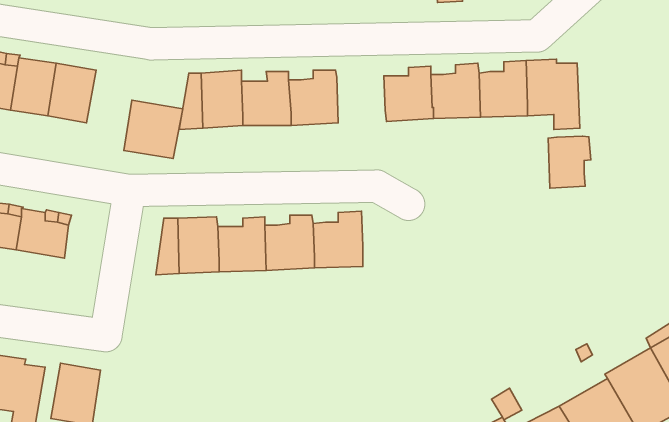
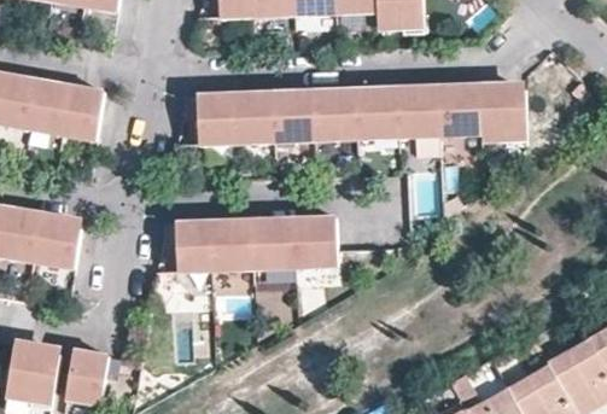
building: none -> [314,91,357,139]
building: [124,100,183,159] -> none
building: [548,136,591,188] -> none

